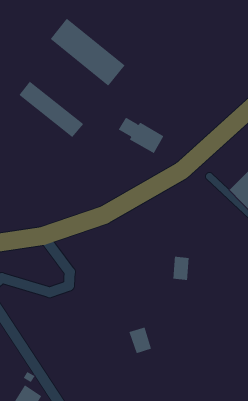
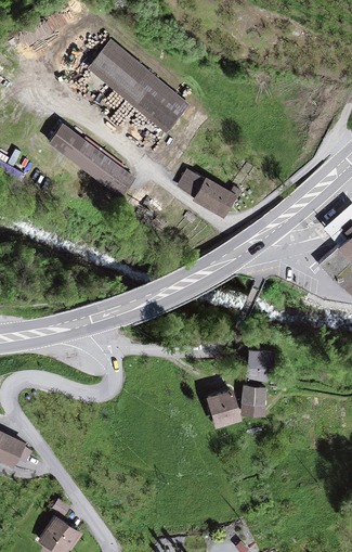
building: none -> [243,385,265,413]
building: [128,327,152,354] -> [207,389,237,424]

